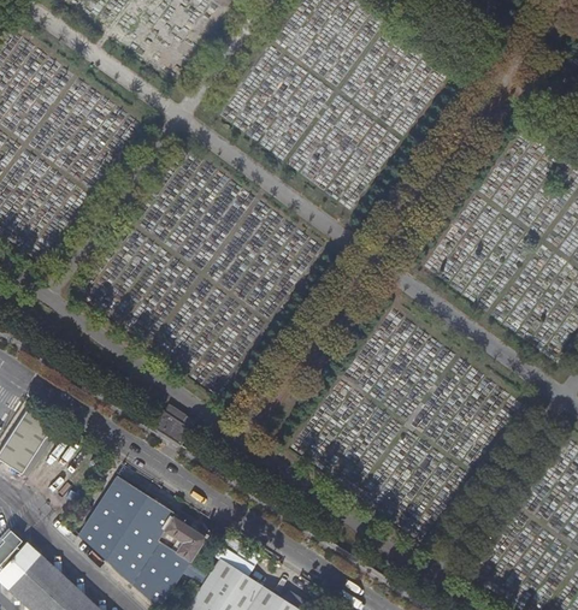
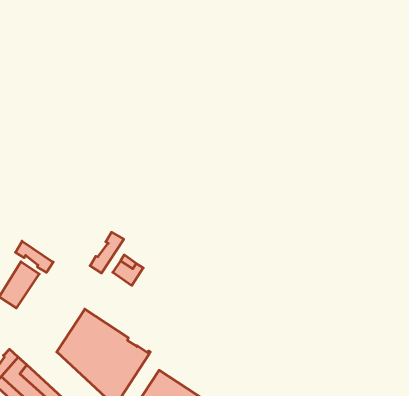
building: none -> [90,232,124,273]
building: none -> [15,241,53,272]

